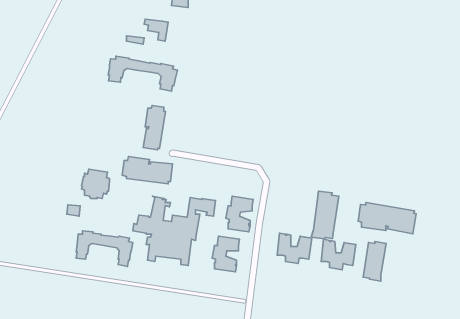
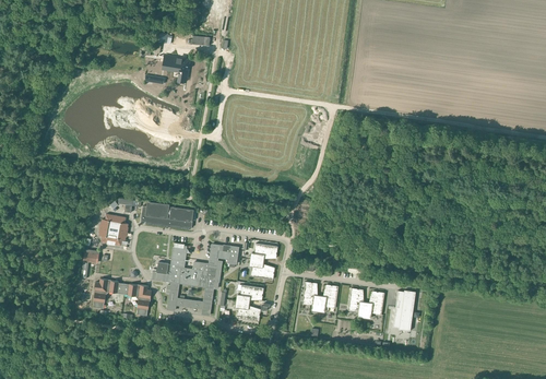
building: [108,56,177,91] -> none
building: [143,106,165,150] -> none
building: [311,191,339,239] -> none
building: [358,203,416,234] -> none

